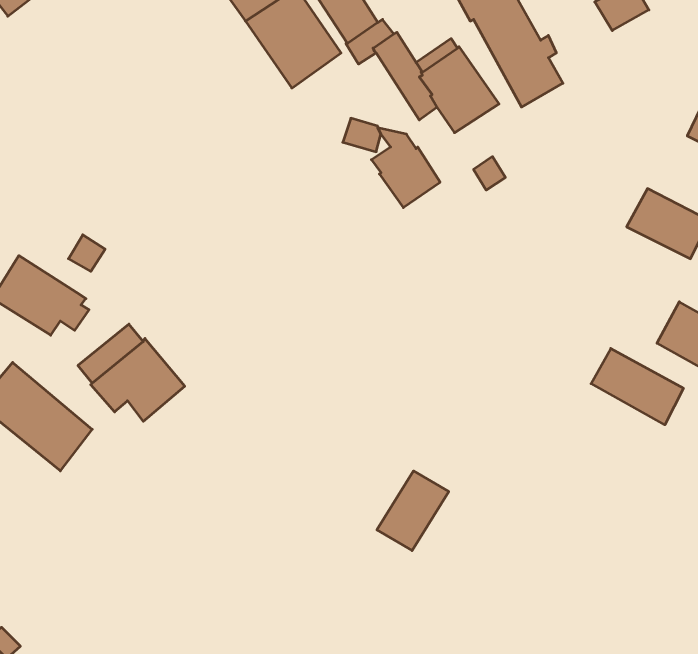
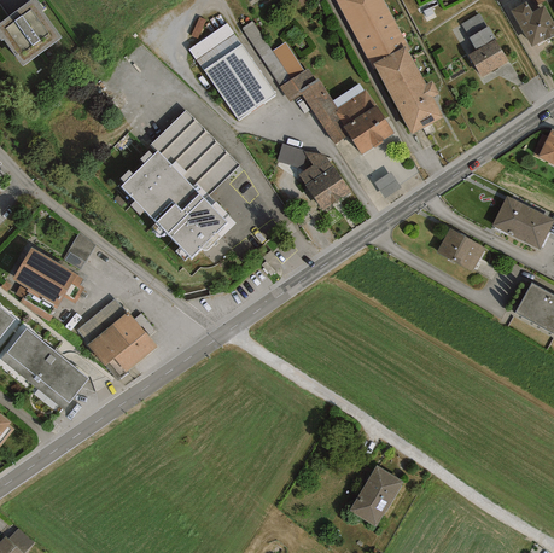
building: none -> [119,111,238,261]
building: none -> [436,228,485,272]
building: [591,348,683,425] -> none
building: [377,471,449,551] -> [349,465,403,525]

